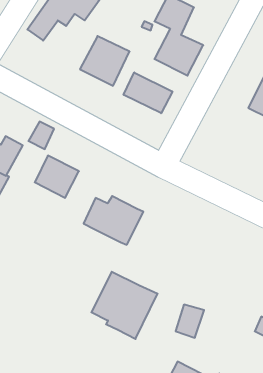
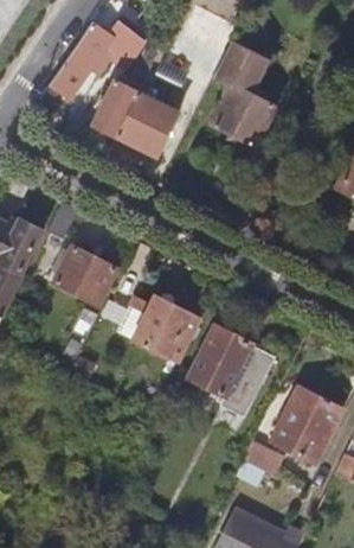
building: none -> [90,81,139,135]
building: [124,72,172,113] -> none
building: none -> [281,389,345,460]
building: [91,272,158,339] -> [191,327,276,414]

